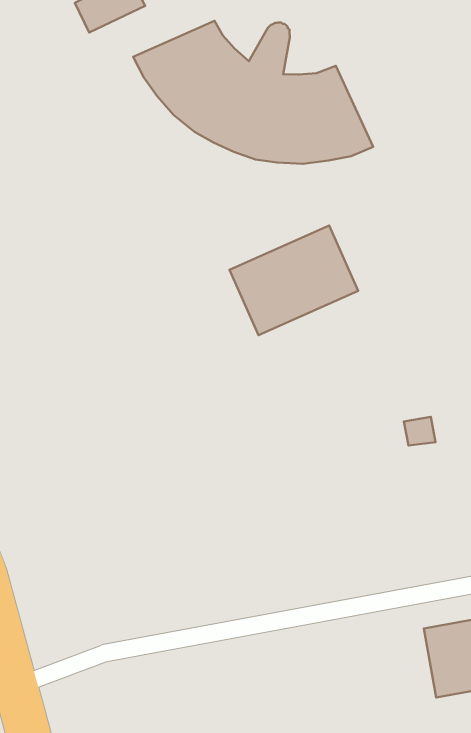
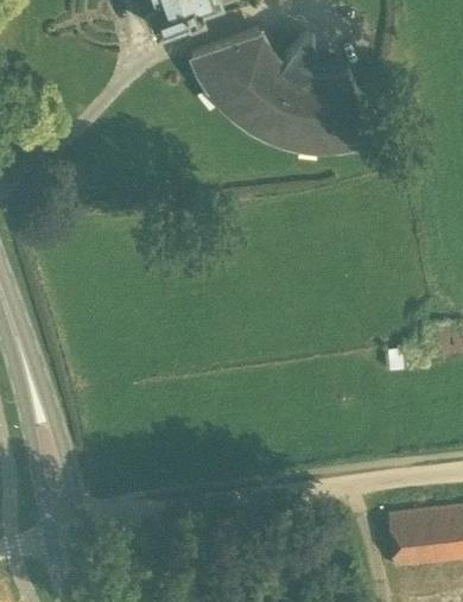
building: [229,226,358,335] -> none

